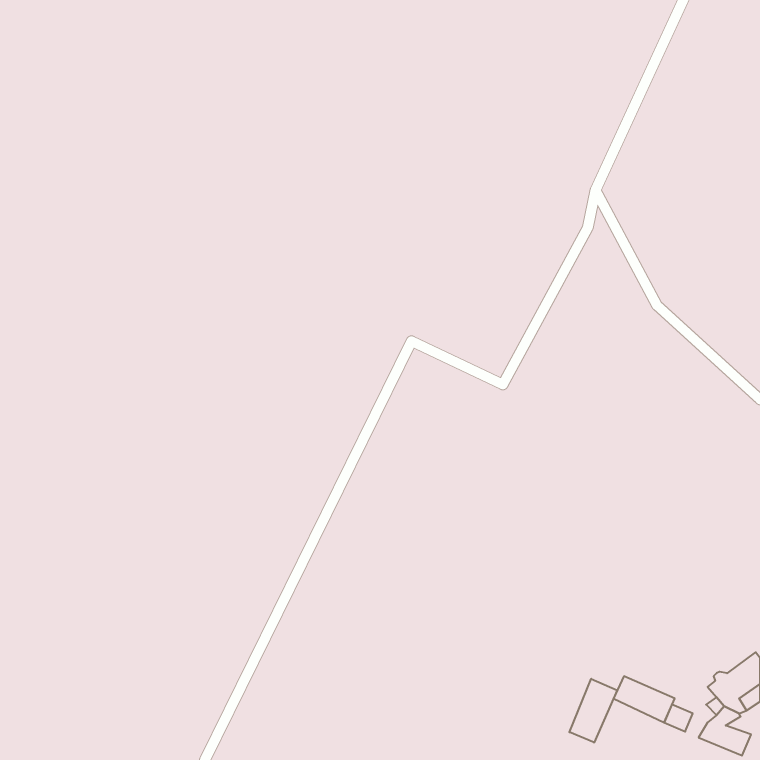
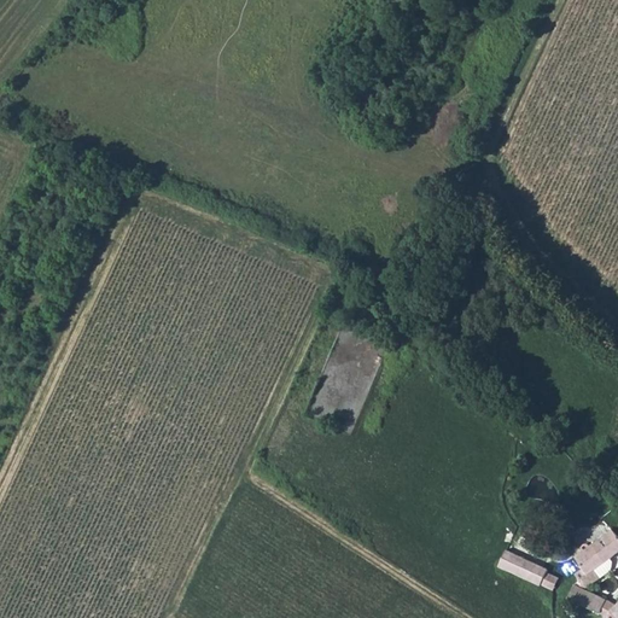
building: [569,679,617,743] -> none

